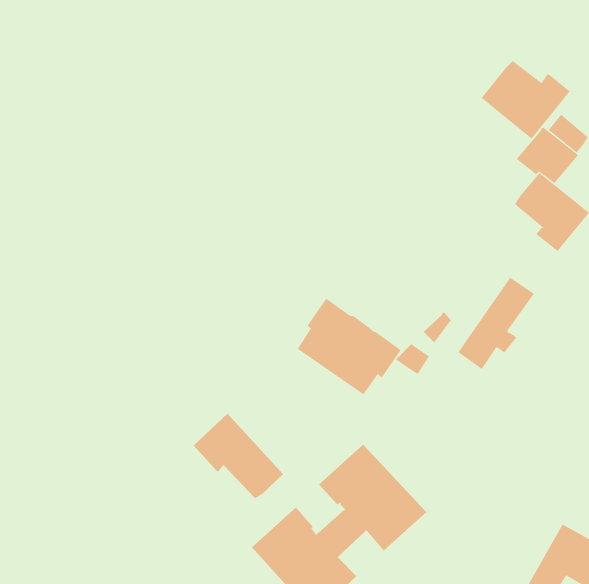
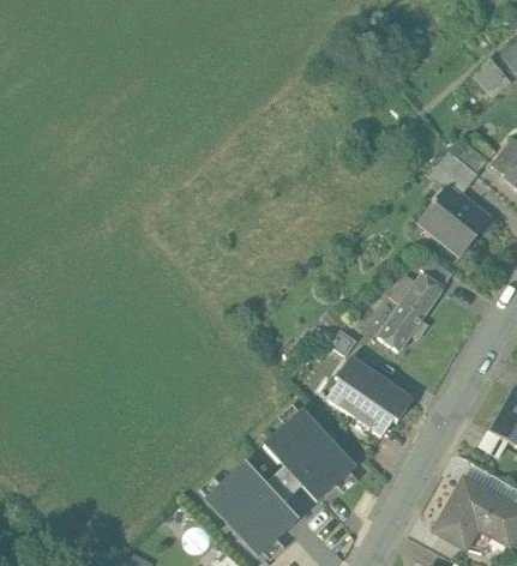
building: [481,60,570,140] -> none
building: [297,298,401,395] -> [326,356,413,436]
building: [193,413,284,499] -> none

